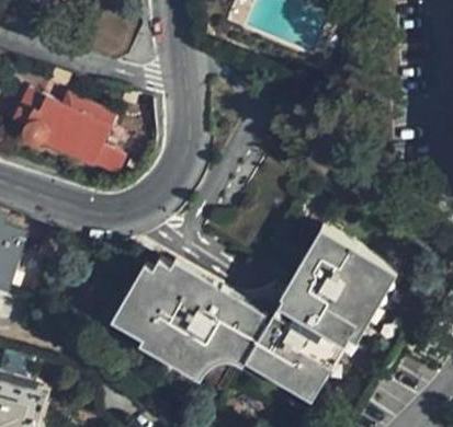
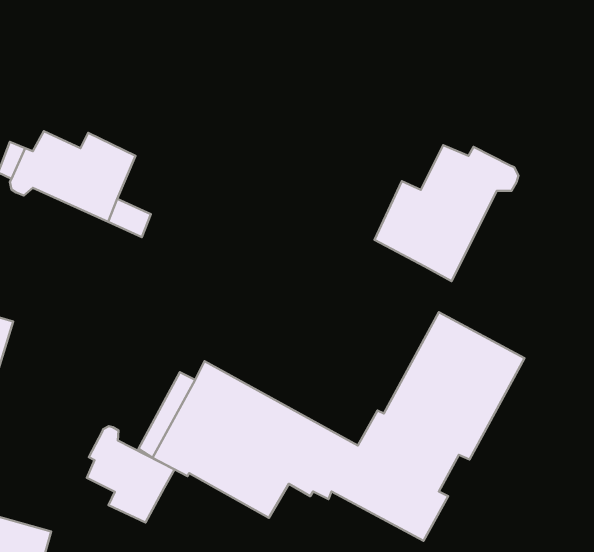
building: none -> [374,145,519,281]
building: none -> [87,426,175,523]

